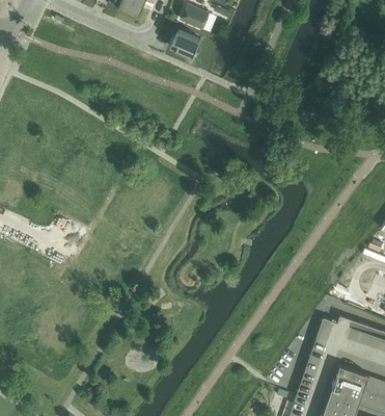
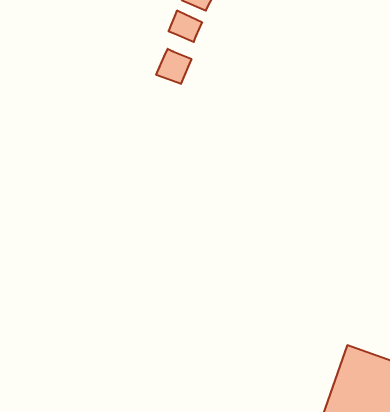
building: none -> [156,49,191,84]

